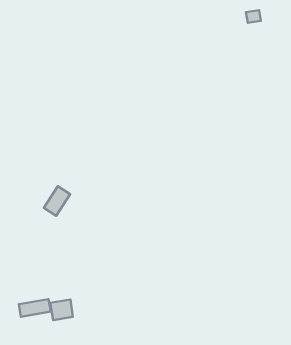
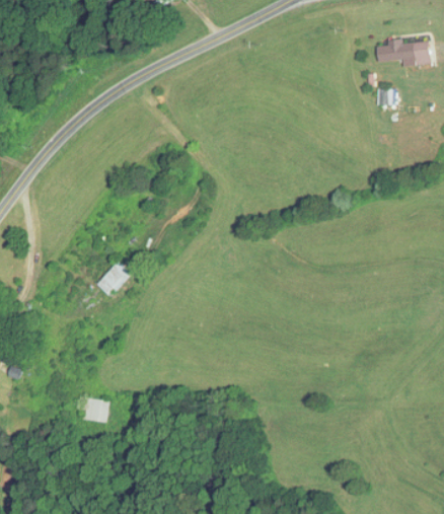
building: [19,299,51,317] -> none

